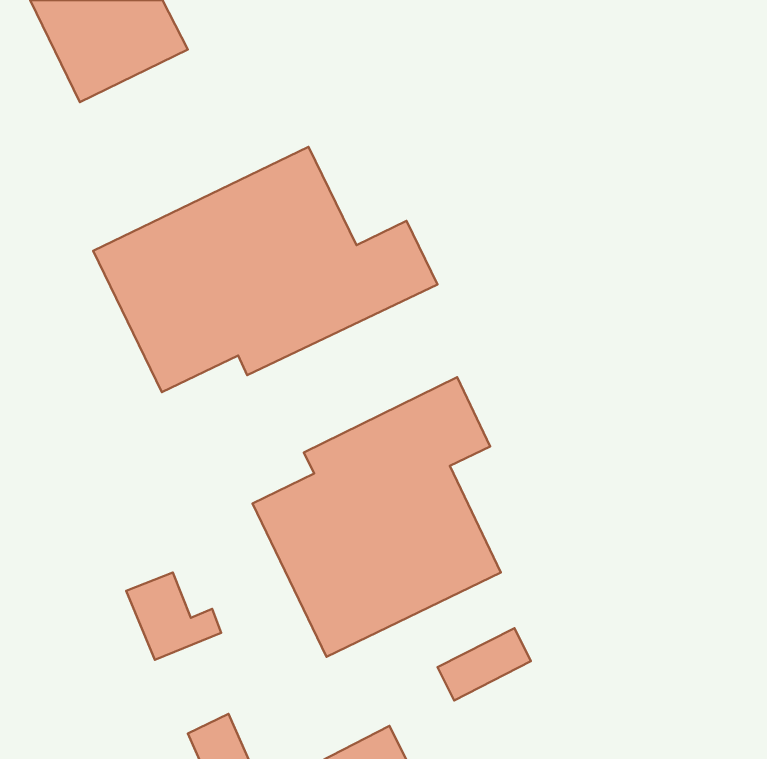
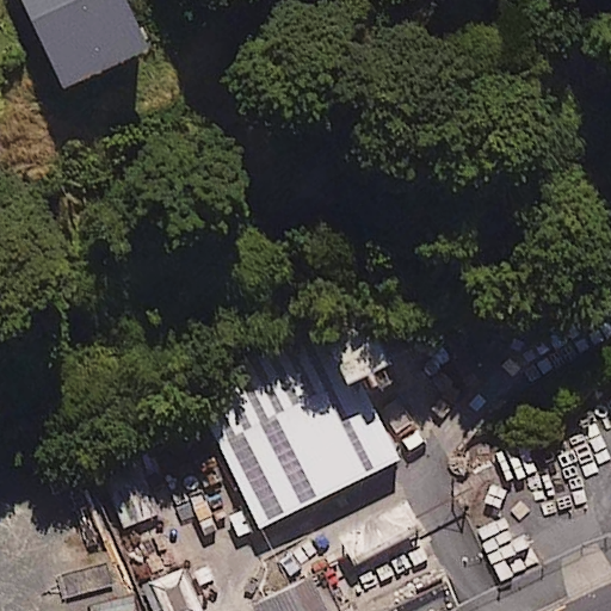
building: [93,147,438,392] -> none

